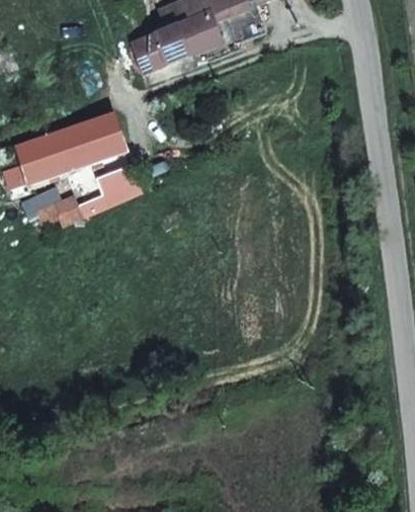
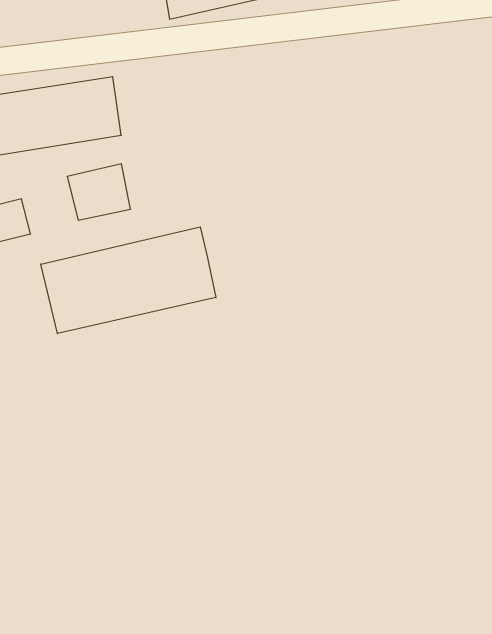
building: none -> [41,227,216,334]

